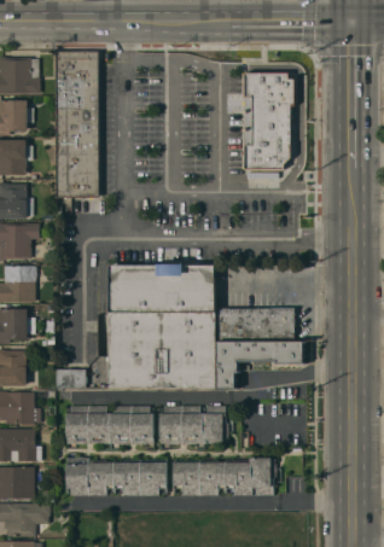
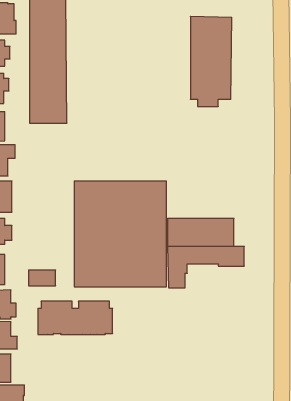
building: [159,405,227,443] -> none
building: [65,456,165,495] -> none
building: [173,458,275,494] -> none

